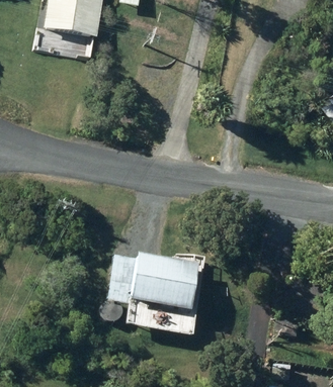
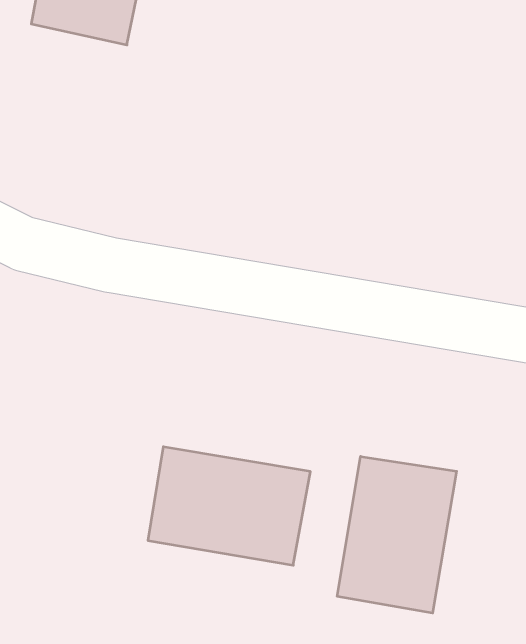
building: none -> [337,456,457,613]

